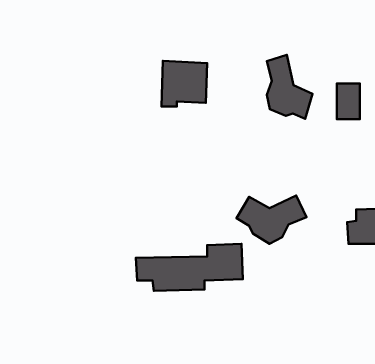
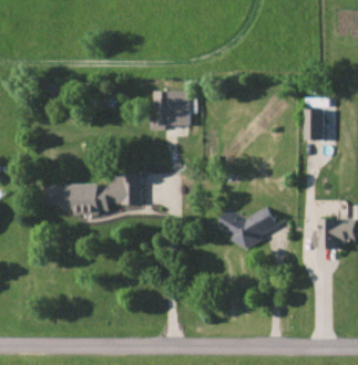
building: [267,55,312,119] -> none
building: [136,244,243,291] -> [50,173,143,213]

